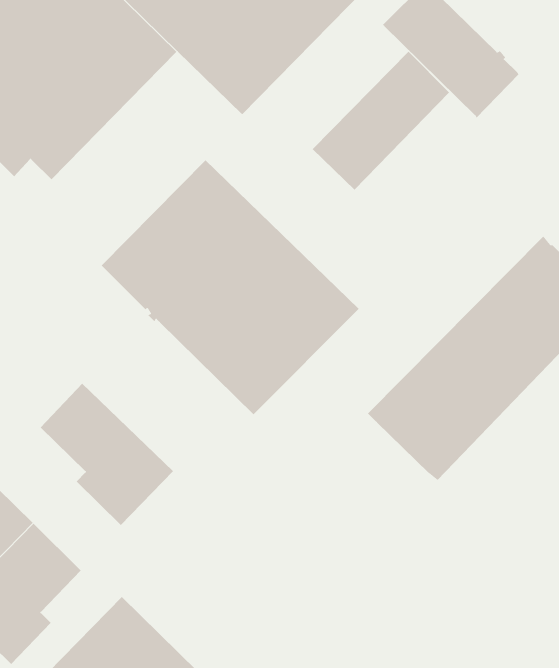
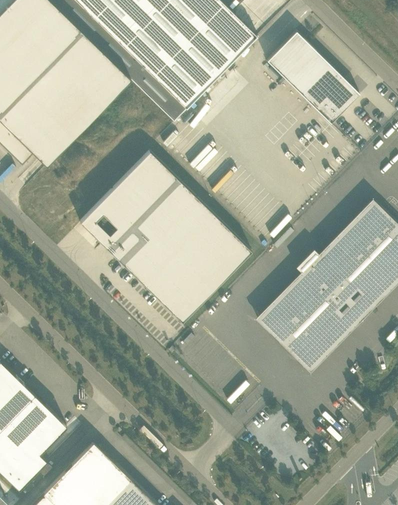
building: [312,51,450,191] -> none
building: [40,383,174,526] -> none

